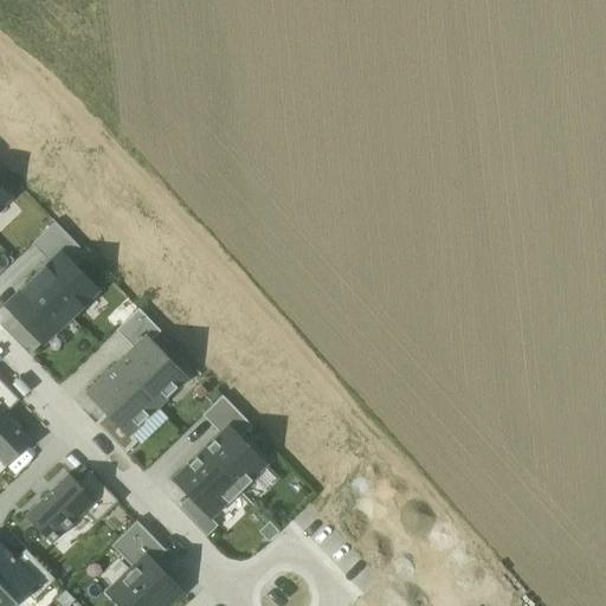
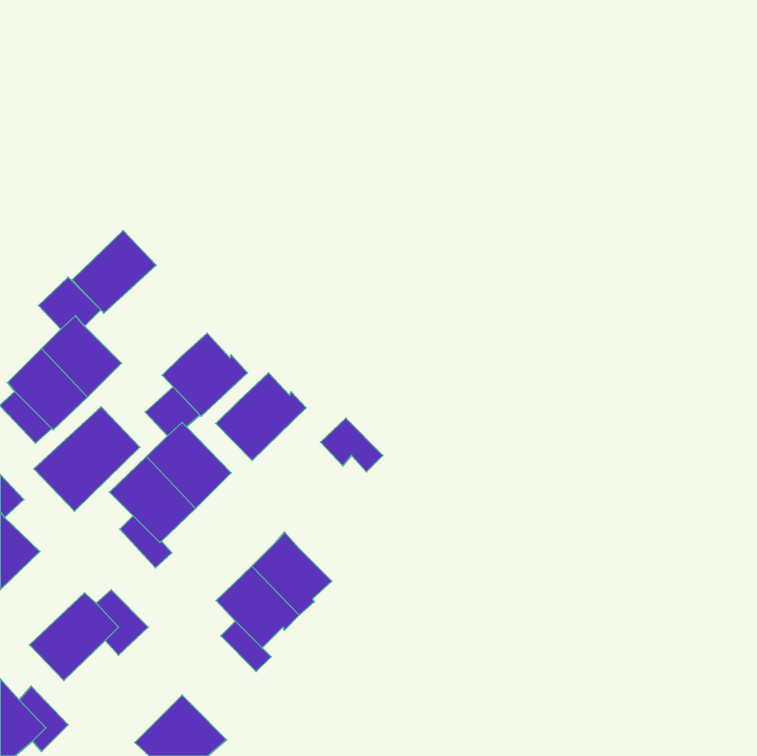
building: none -> [72,231,156,313]
building: none -> [162,333,248,416]
building: none -> [216,373,306,460]
building: none -> [34,407,140,511]
building: [202,395,252,438] -> [321,418,383,472]
building: [111,521,166,568] -> none

